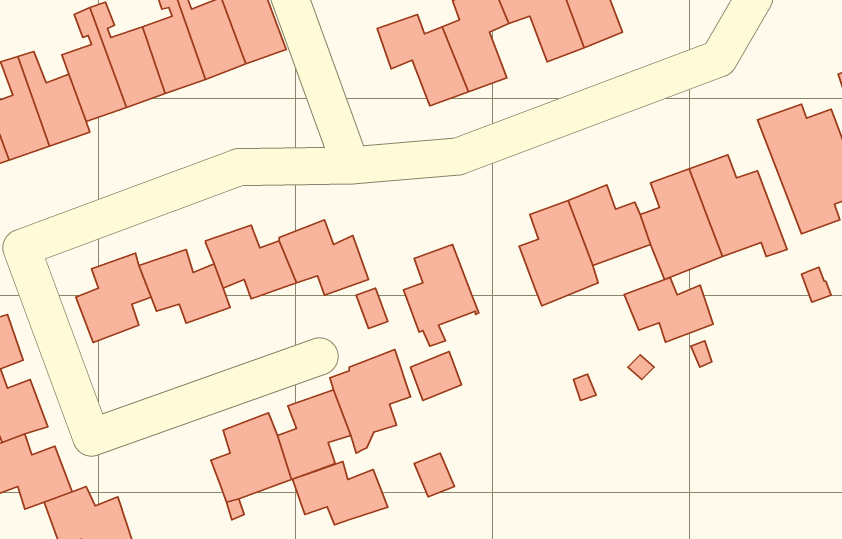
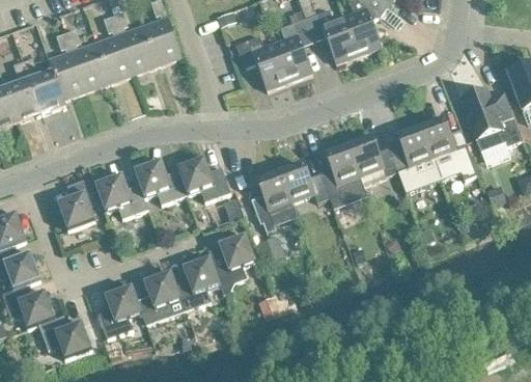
building: none -> [280,162,329,201]
building: [624,277,713,342] -> none
building: none -> [97,285,142,338]
building: [293,462,388,525] -> none

